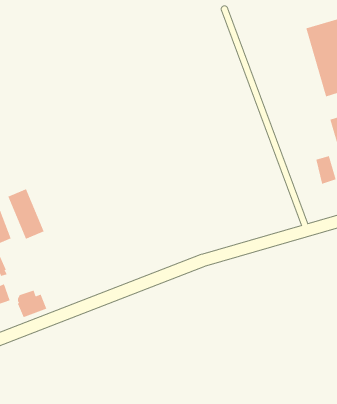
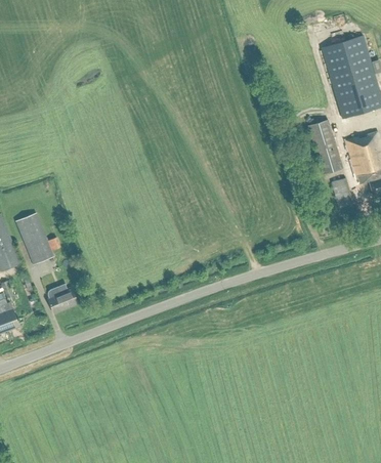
building: none -> [307,119,342,174]
building: [17,290,47,318] -> [47,284,78,312]

